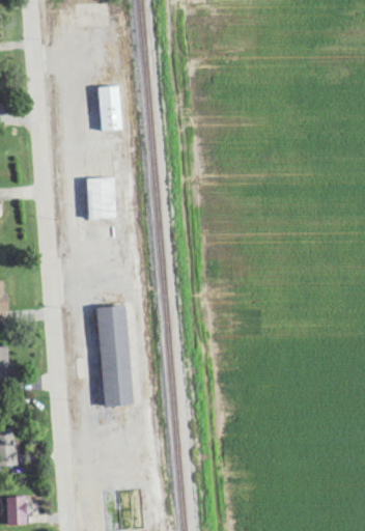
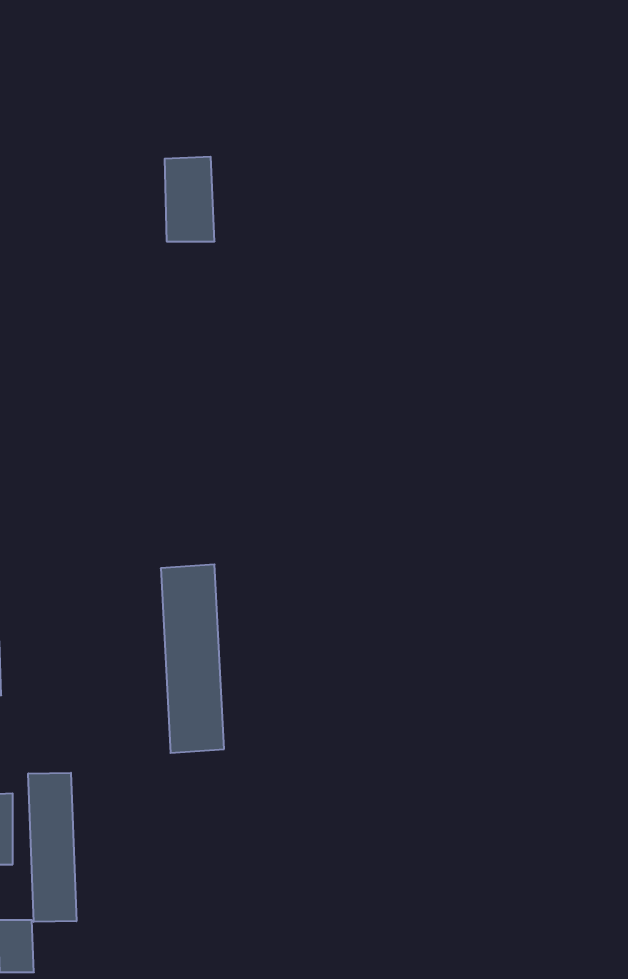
building: [86,177,119,220] -> none
building: none -> [28,773,76,922]

